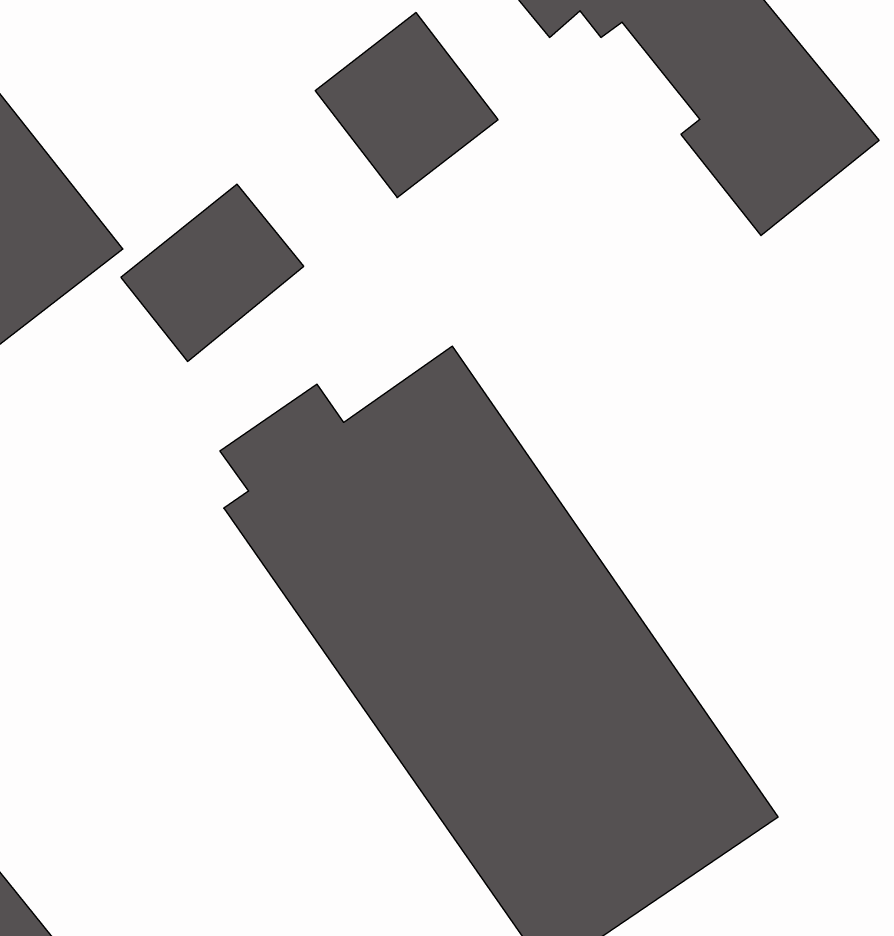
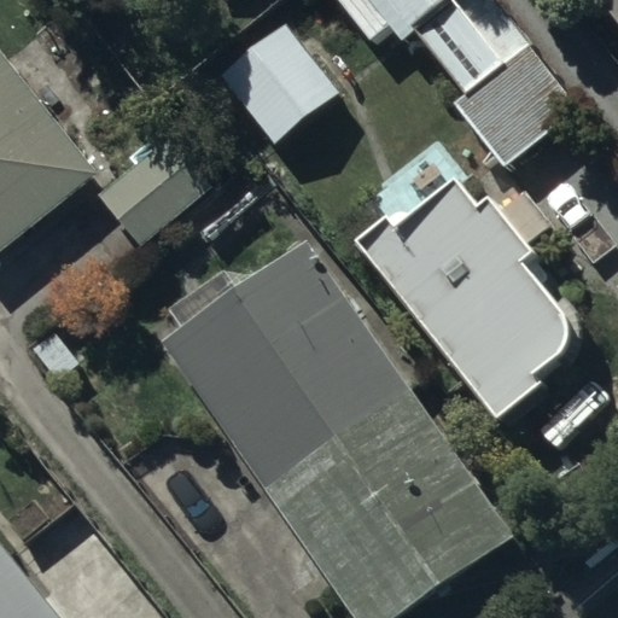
building: none -> [356,181,571,428]

